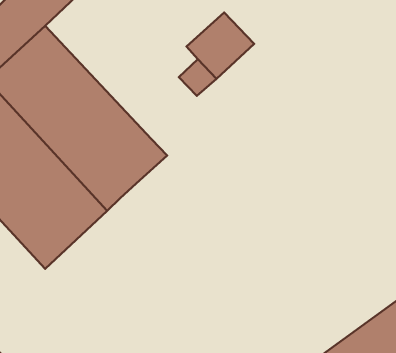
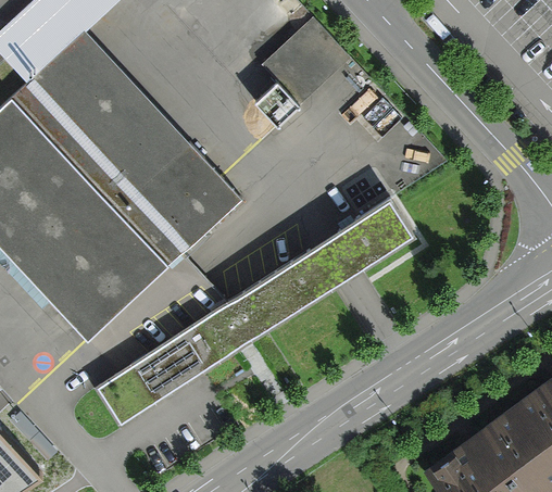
building: none -> [96,193,416,425]

